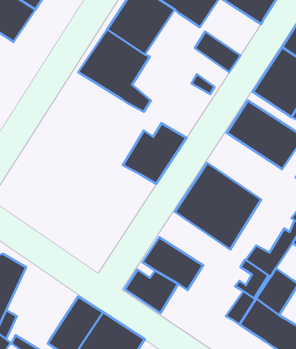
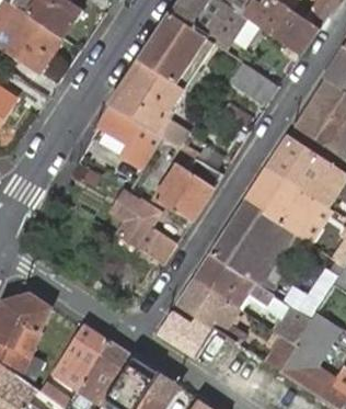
building: none -> [96,104,161,172]
building: none -> [244,168,331,243]
building: none -> [108,188,191,262]
building: none -> [194,251,275,305]
building: none -> [50,322,108,387]

